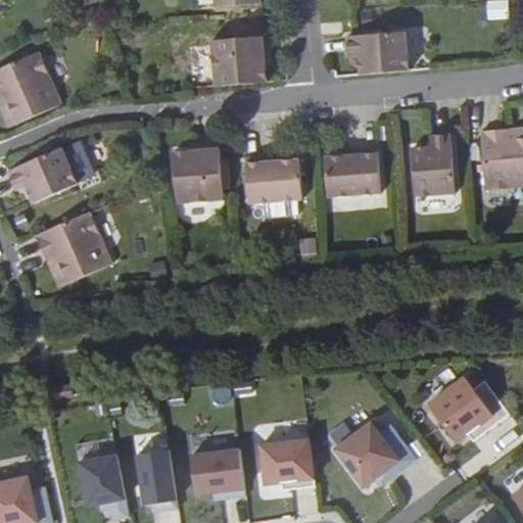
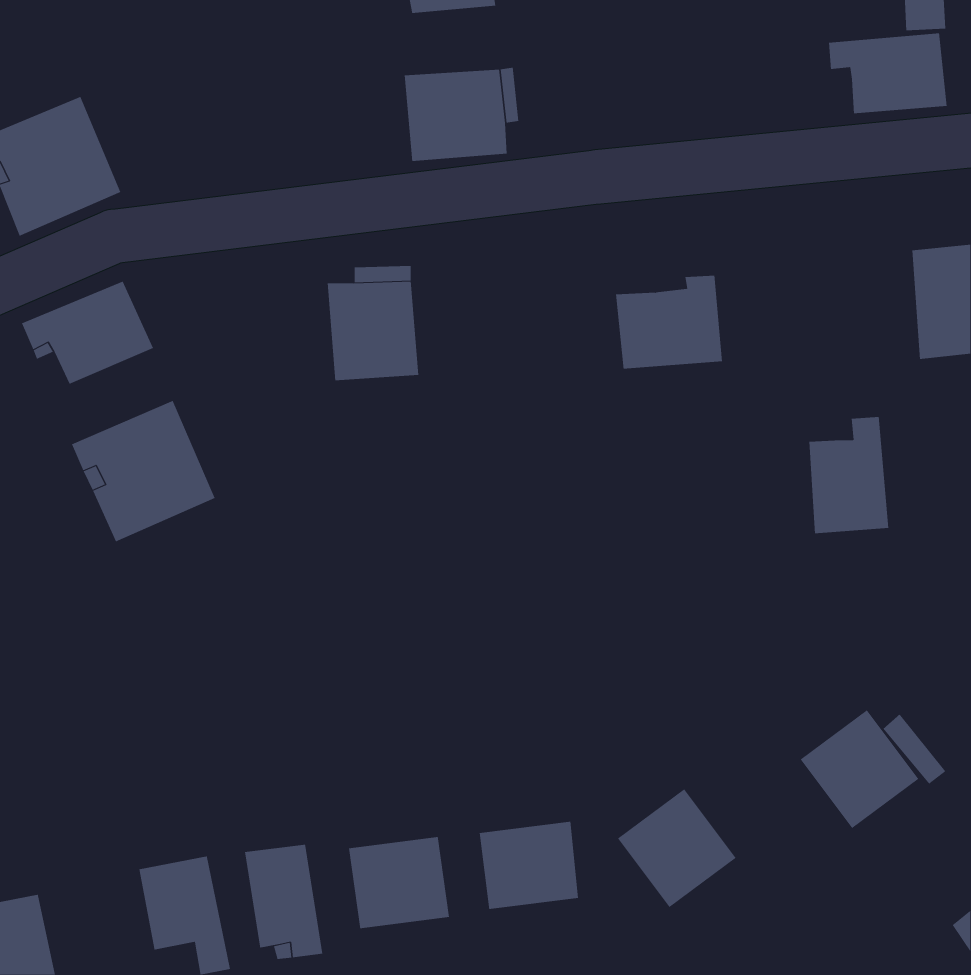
building: [349,32,413,75] -> [828,33,947,114]
building: [416,135,459,197] -> [808,417,889,534]
building: [246,155,303,203] -> none

